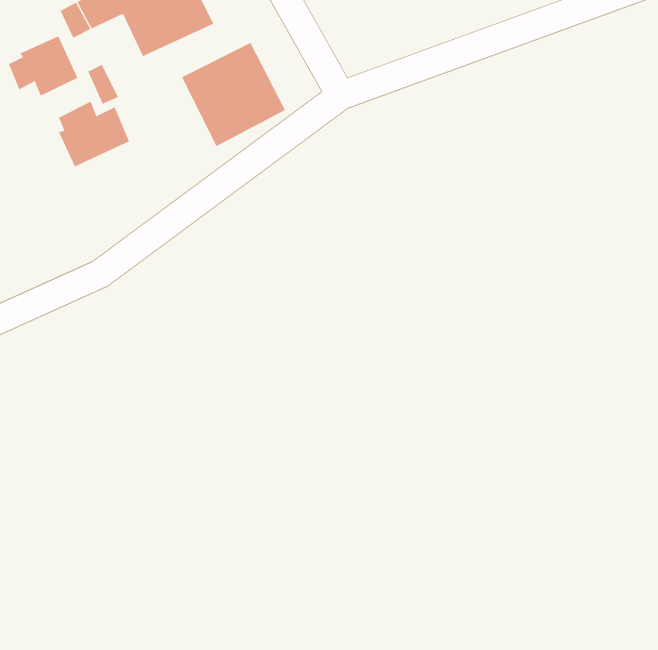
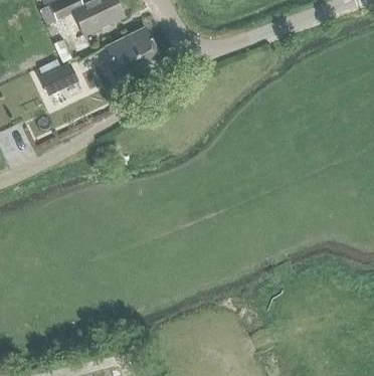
building: [8,35,78,97] -> none

